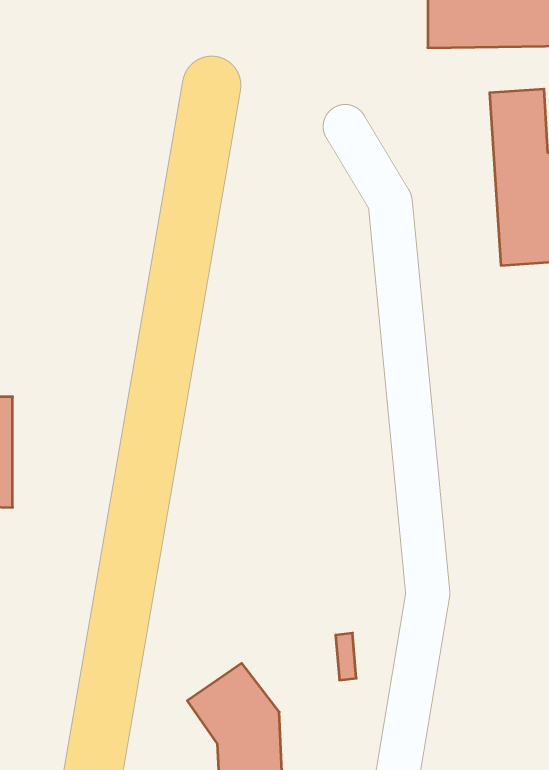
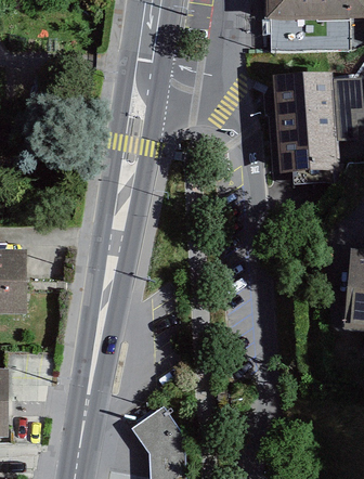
building: none -> [273,75,311,177]

